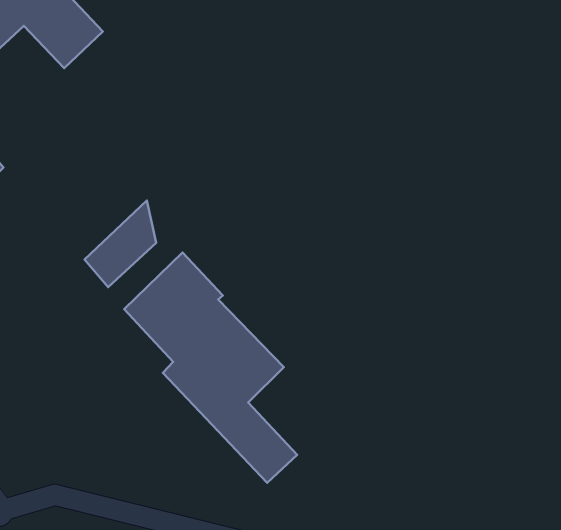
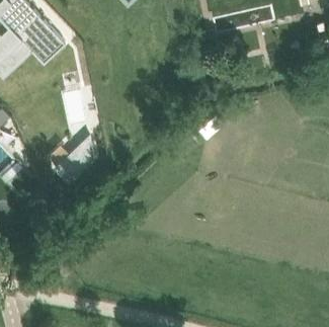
building: [124,253,297,483] -> none

